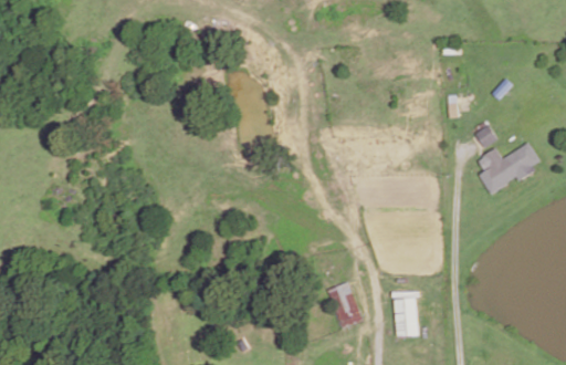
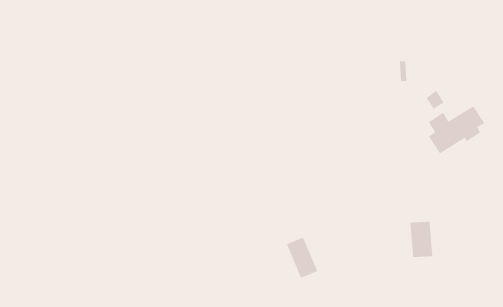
building: [392,298,418,336] -> [409,221,433,258]

